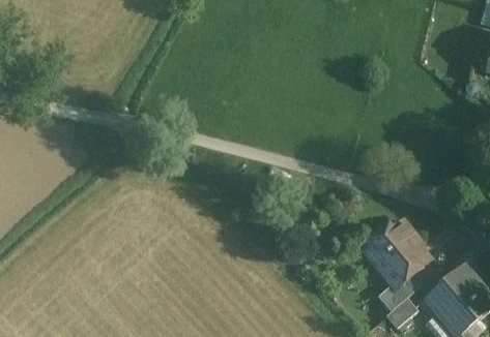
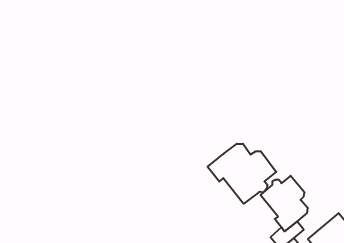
building: none -> [208,144,276,204]

